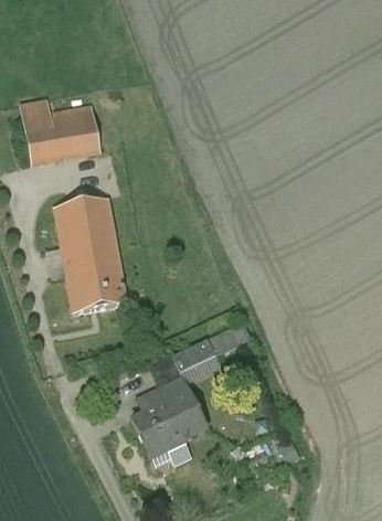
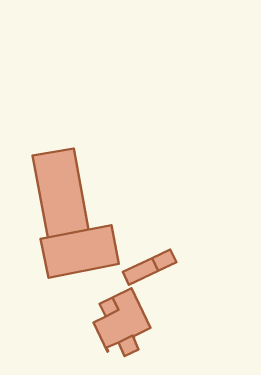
building: [23,105,99,161] -> none
building: none -> [40,225,119,278]

